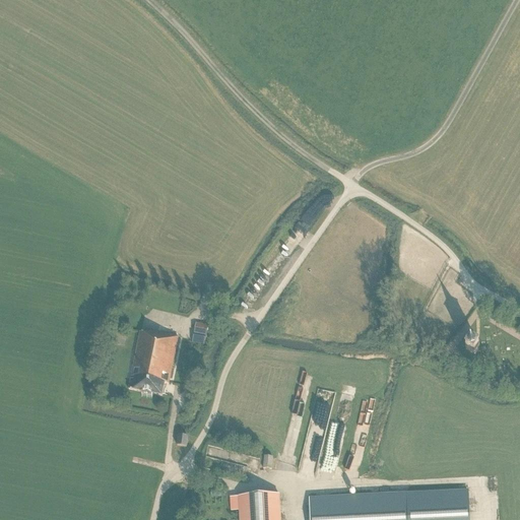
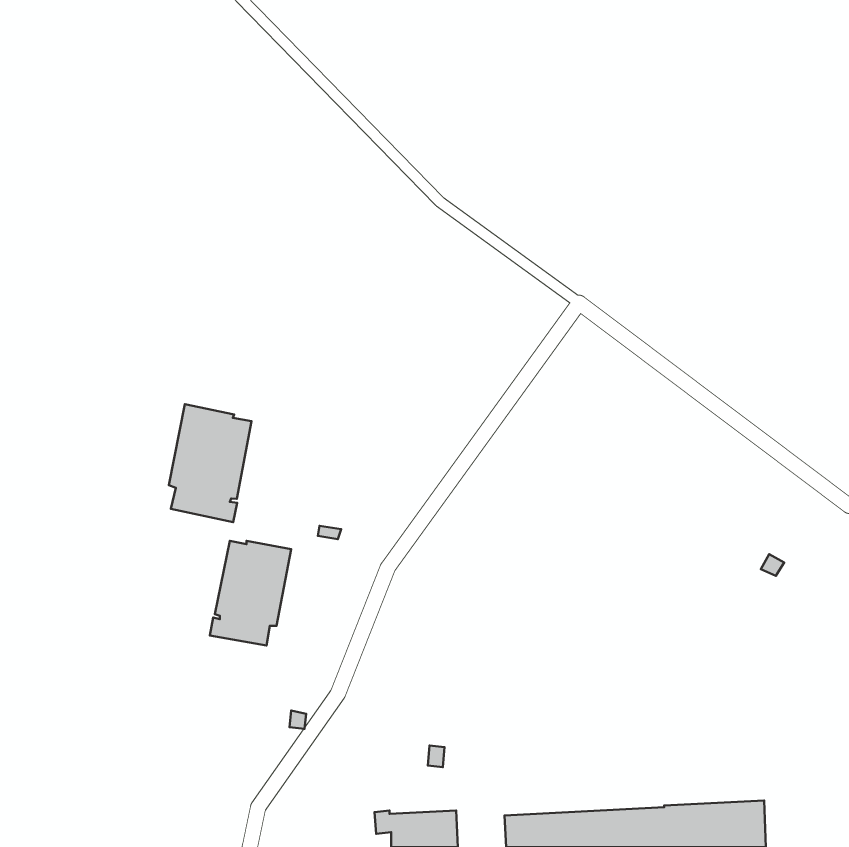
building: none -> [169,404,251,522]

